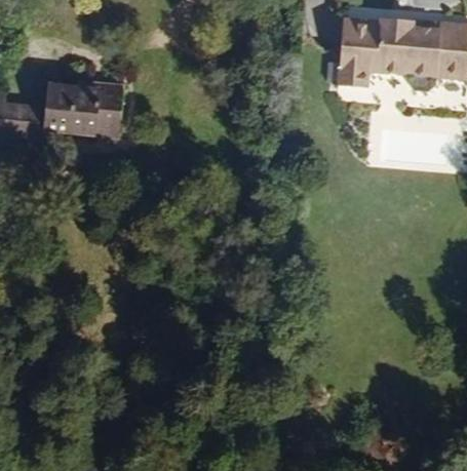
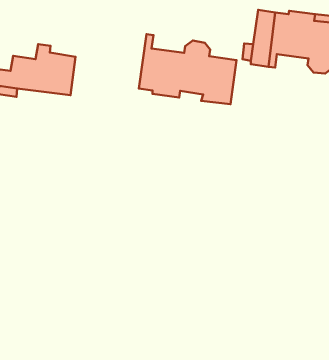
building: none -> [139,34,236,104]

